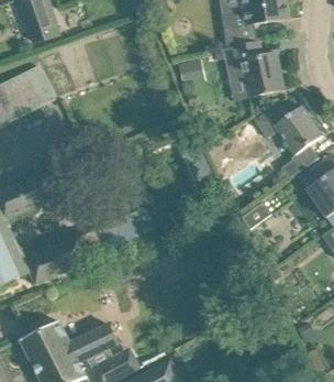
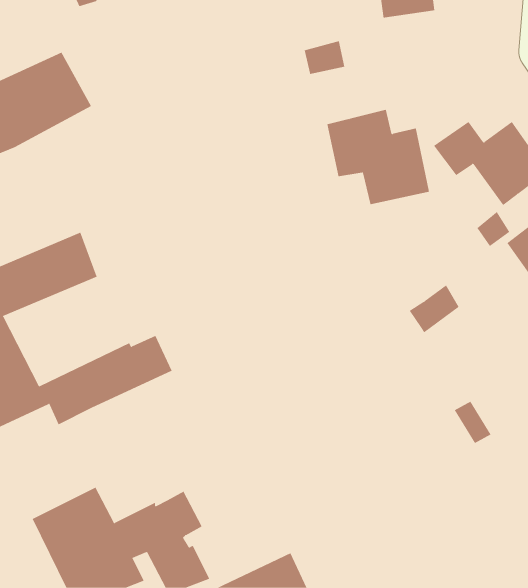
building: [223,40,283,96] -> [327,109,430,205]

